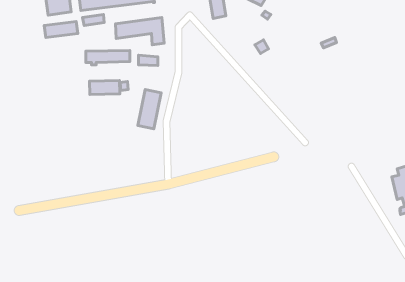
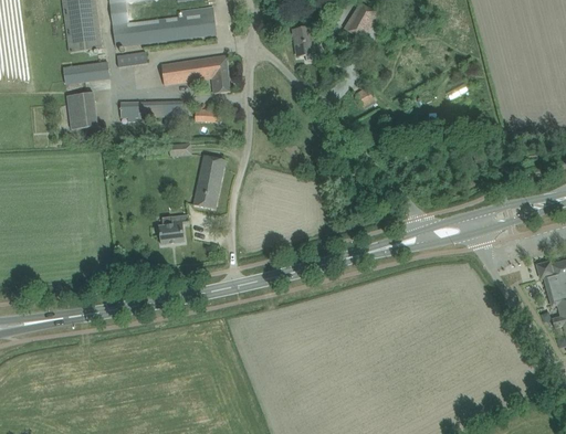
building: none -> [65,92,96,129]
building: [90,81,120,94] -> none
building: none -> [158,214,189,244]

